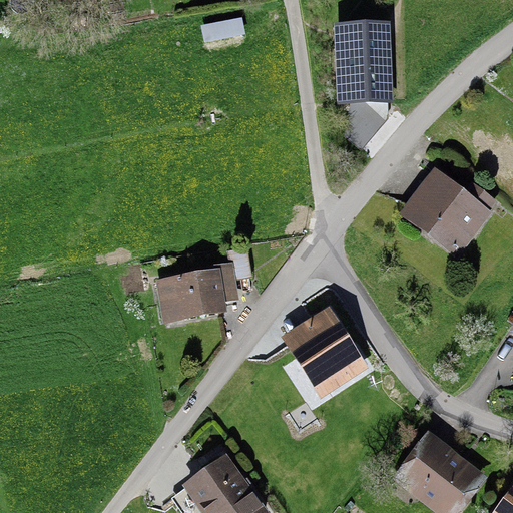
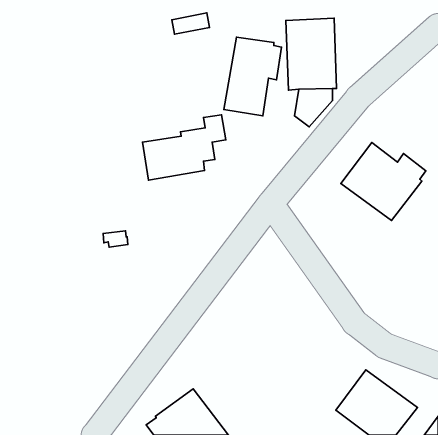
building: none -> [224,37,282,116]
building: [154,246,251,323] -> [143,115,226,180]
building: [280,307,367,402] -> none

